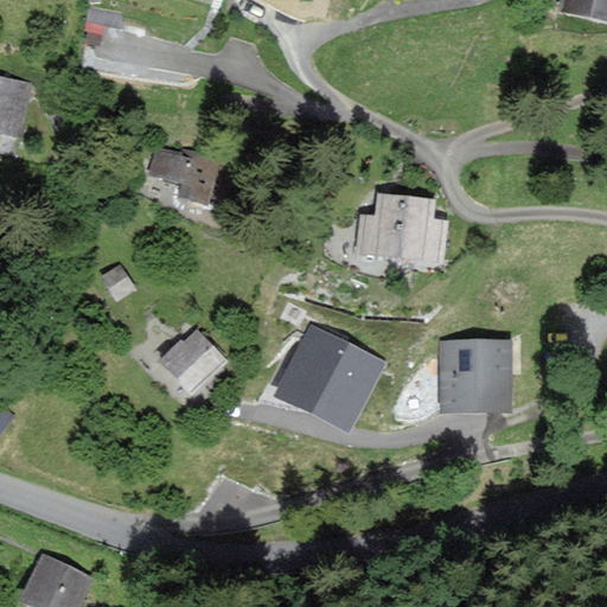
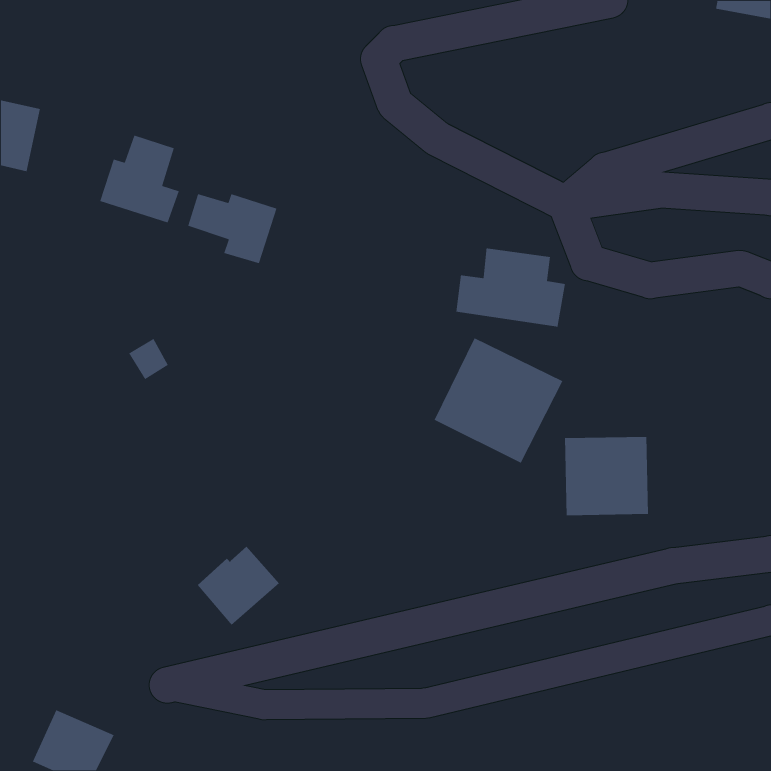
building: none -> [99,134,180,224]
building: [281,327,383,427] -> [434,337,563,464]
building: [158,331,223,394] -> [197,546,280,626]

